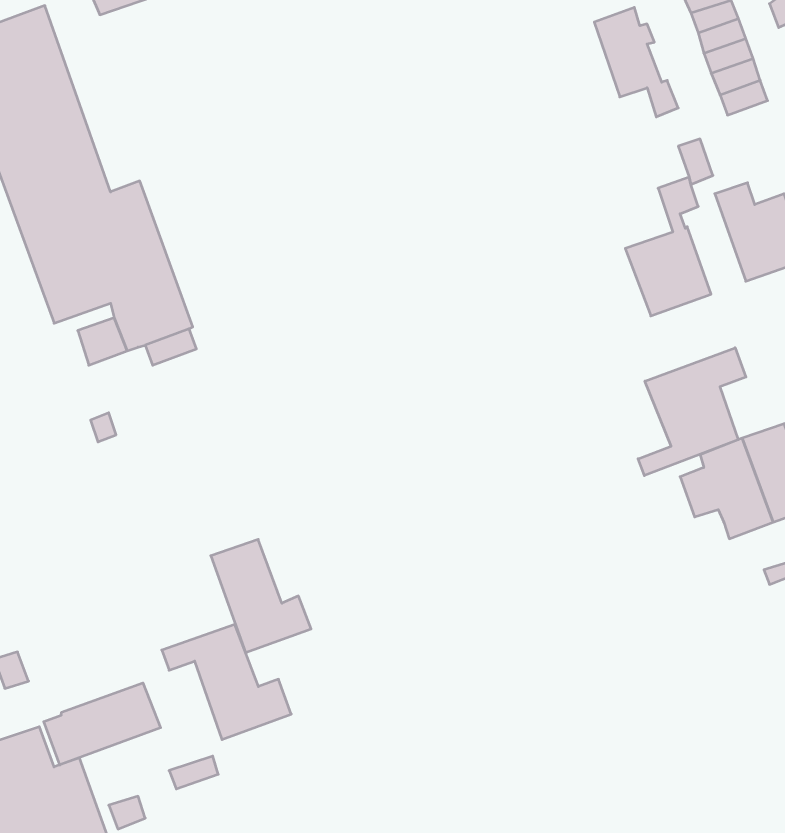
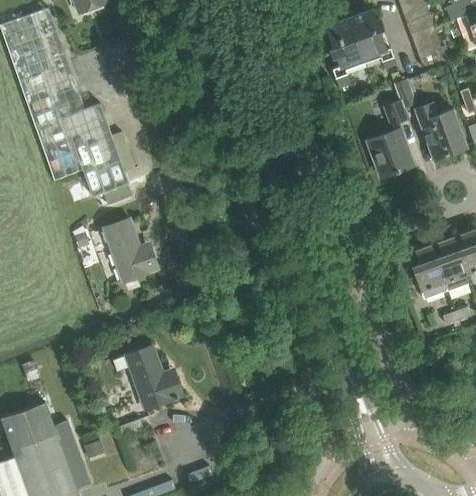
building: none -> [325,16,364,88]
building: [638,348,746,476] -> none
building: [211,539,311,653] -> [104,219,159,281]
building: [44,683,161,765] -> none

